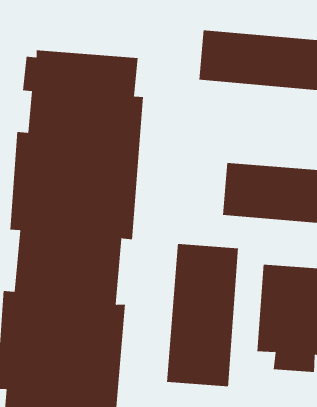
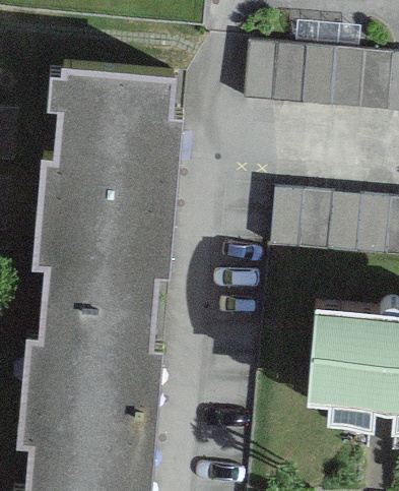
building: [166,243,239,387] -> none

